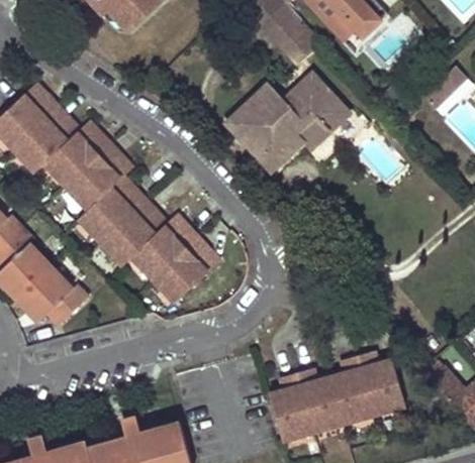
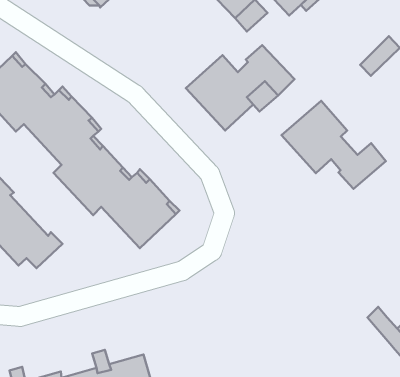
building: none -> [282,101,386,189]
building: [269,350,405,439] -> none

